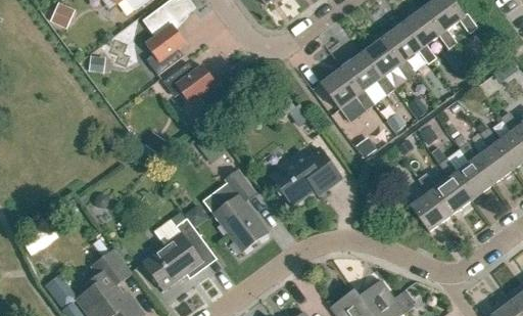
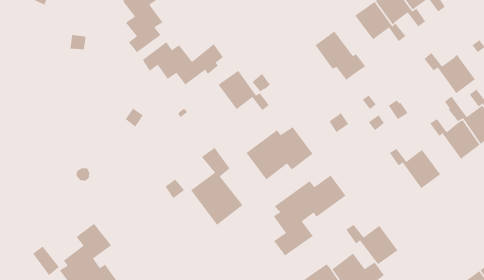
building: [362,35,415,78] -> none
building: [320,65,374,108] -> [218,70,270,111]
building: [438,155,492,199] -> [424,52,476,94]
building: [396,187,451,230] -> [345,224,398,265]
building: none -> [273,175,347,256]
building: [142,218,212,291] -> none

